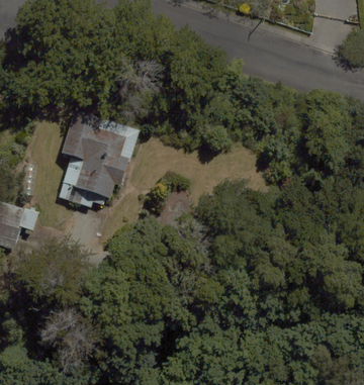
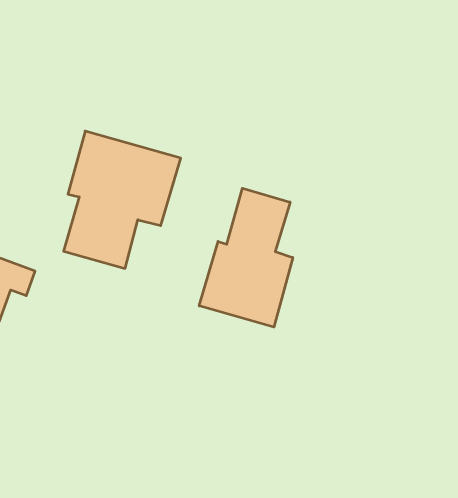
building: none -> [199,188,293,327]

